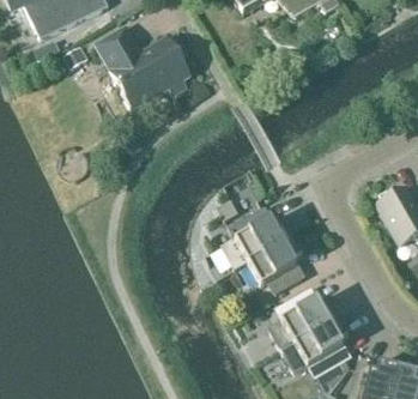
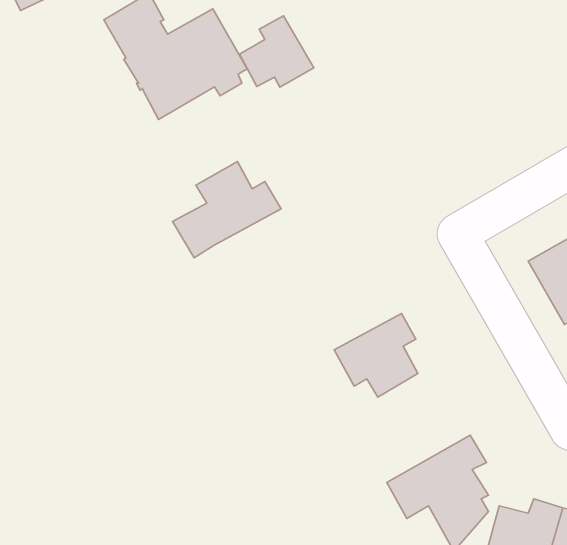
building: none -> [240,16,314,87]
building: [220,207,292,271] -> [172,162,281,258]
building: [269,289,338,350] -> none

